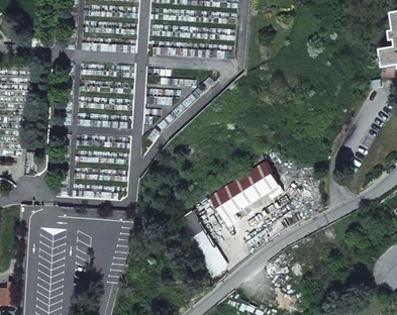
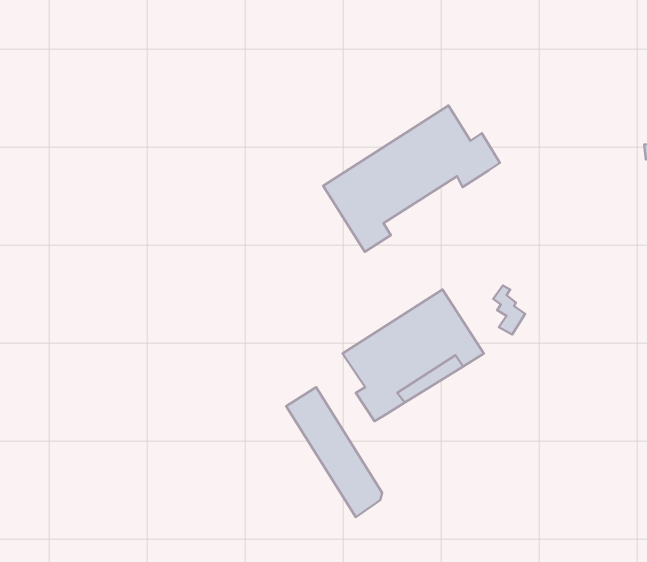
building: none -> [323,105,500,252]

